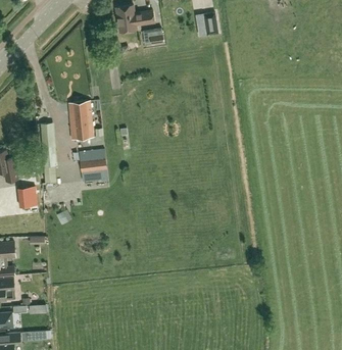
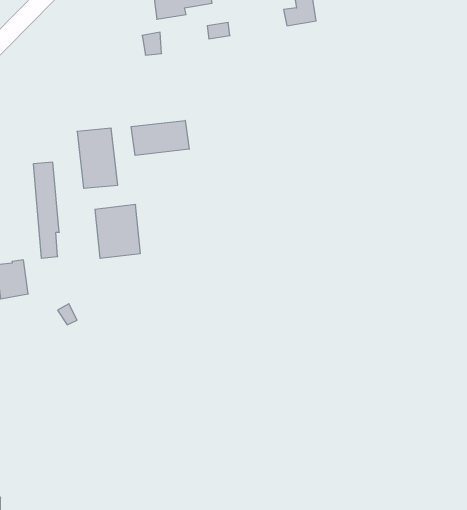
building: none -> [131,120,189,155]

